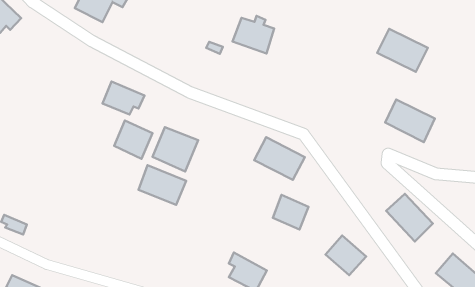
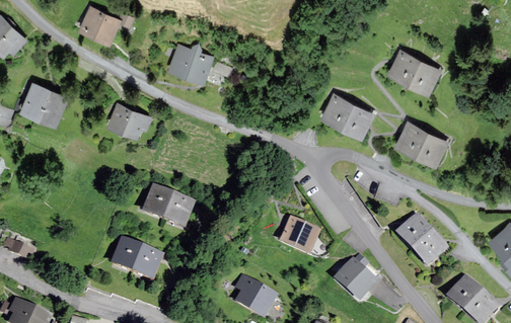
building: [233,16,274,53] -> [169,43,212,81]
building: none -> [21,82,67,123]
building: [114,120,152,159] -> none
building: [152,127,198,171] -> none
building: [254,137,305,180] -> [321,92,373,136]
building: none -> [113,240,161,279]

